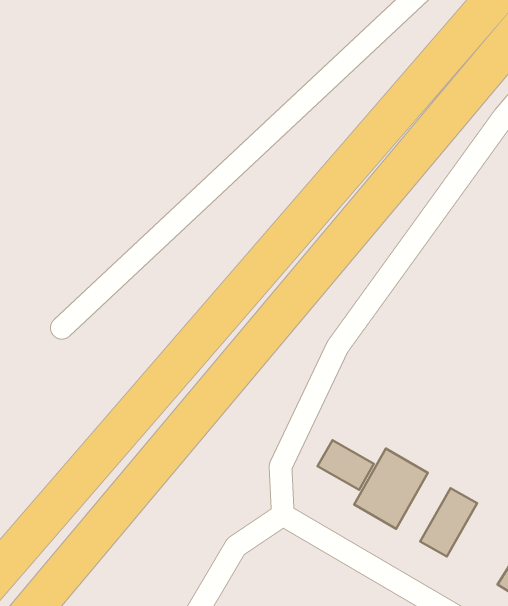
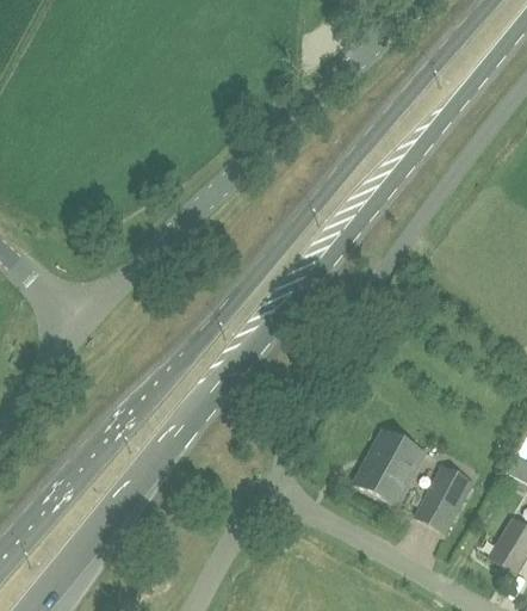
building: [318,440,374,490] -> none

